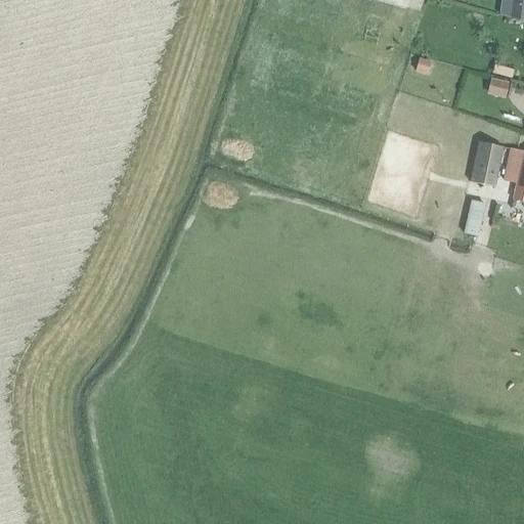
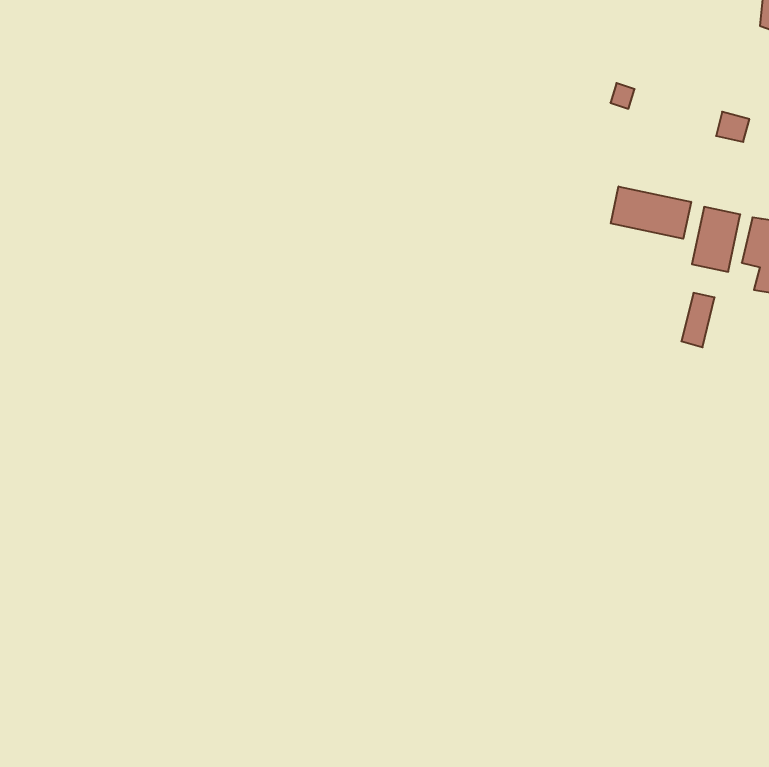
building: none -> [611,186,691,239]

